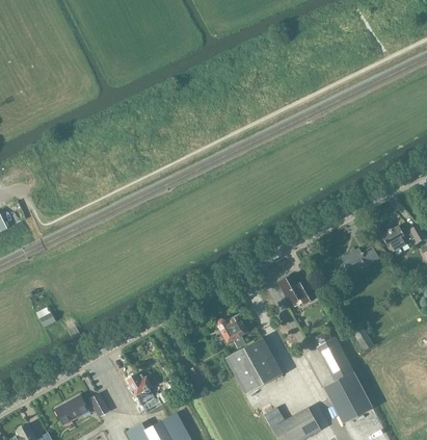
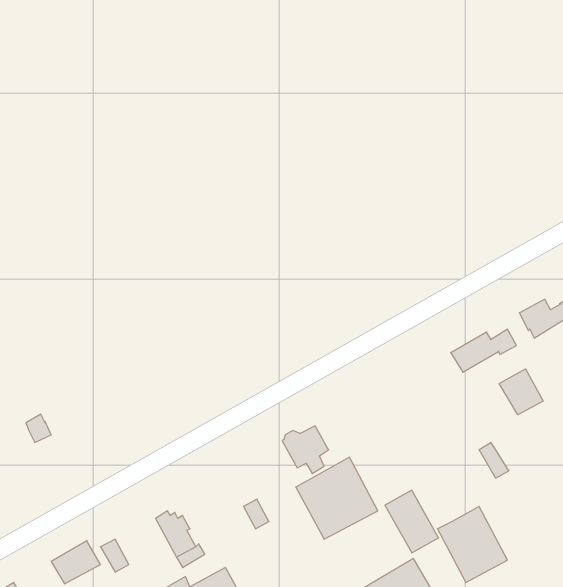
building: [279,275,316,304] -> none
building: none -> [499,369,543,415]
building: [316,338,353,382] -> [385,490,439,553]

